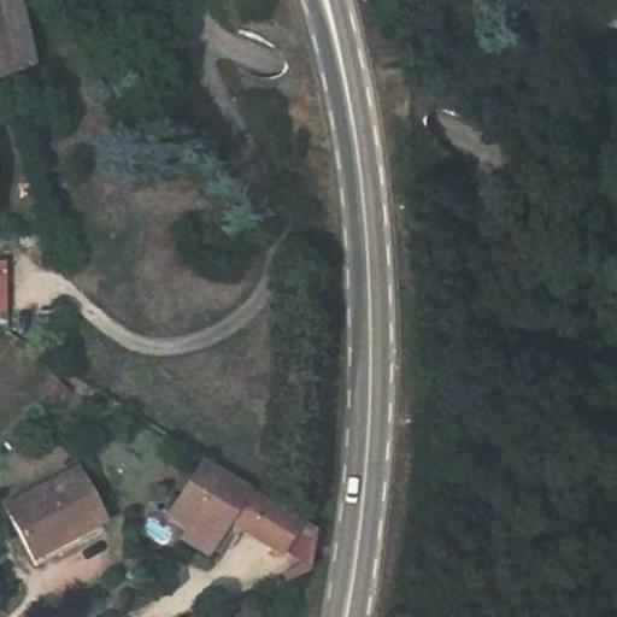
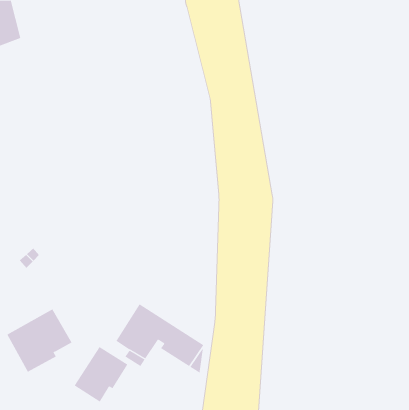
building: none -> [74,346,128,403]

